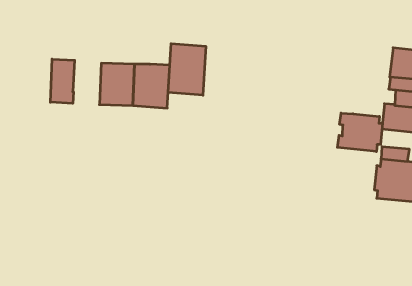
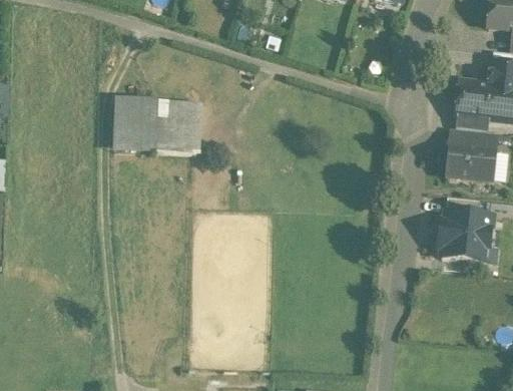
building: [168,44,206,95] -> none
building: [50,59,75,103] -> none
building: [337,113,382,152] -> none

